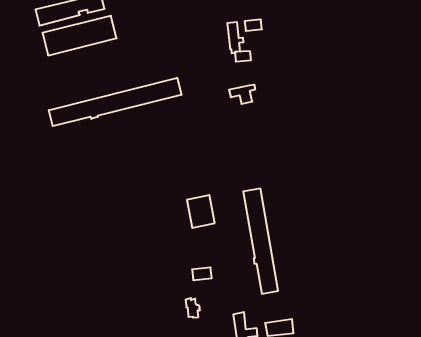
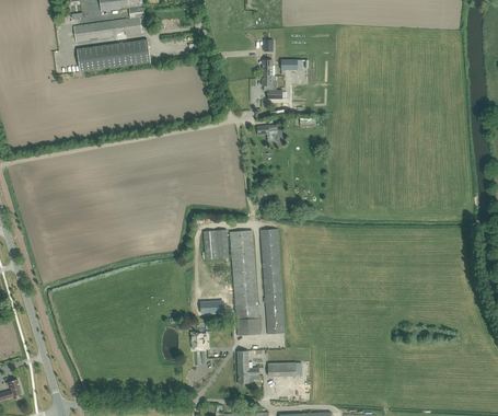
building: [49,78,181,126] -> none
building: none -> [230,230,260,335]

